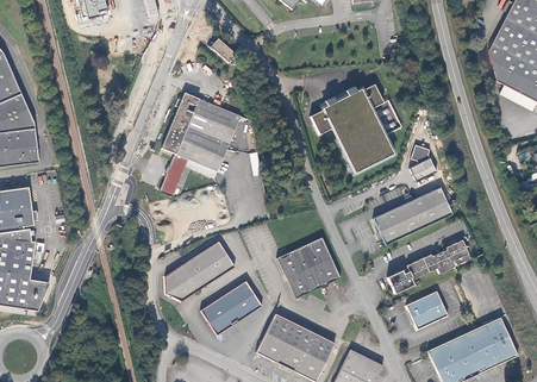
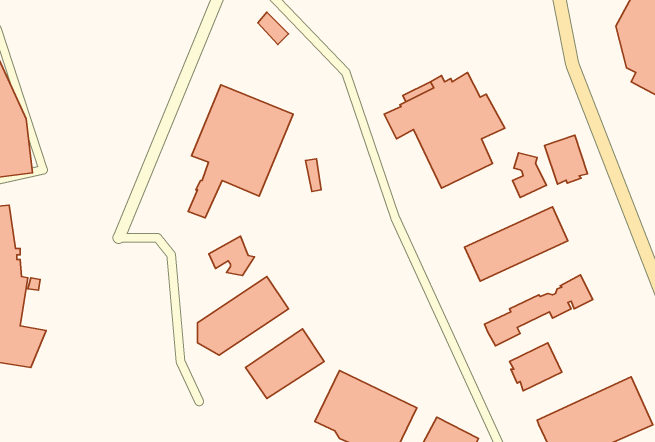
building: none -> [545,135,588,184]
building: none -> [209,236,254,275]
building: [276,236,339,296] -> none

